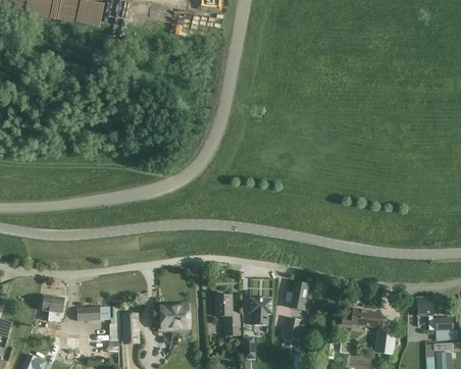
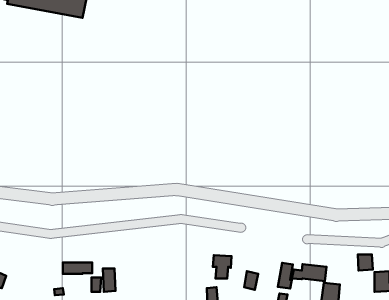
building: [289,280,306,310] -> [278,263,293,289]
building: [213,294,239,334] -> none
building: [41,295,62,321] -> none
building: [158,304,188,328] -> none

